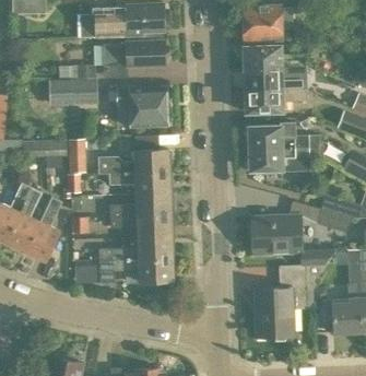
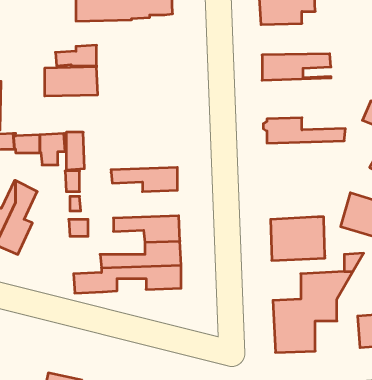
building: [103,33,165,68] -> none
building: [244,46,306,69] -> none
building: [96,87,166,127] -> none
building: [245,90,307,114] -> none
building: [247,146,319,171] -> none
building: [97,150,168,175] -> none
building: [109,191,169,216] -> none
building: [24,197,66,265] -> none

